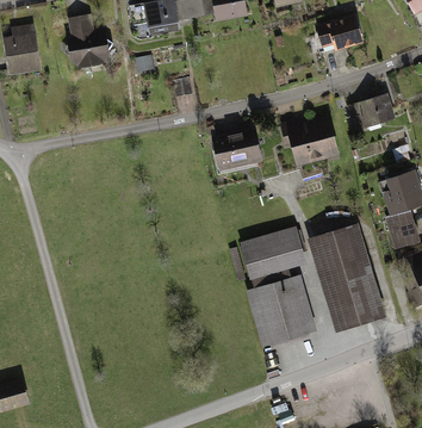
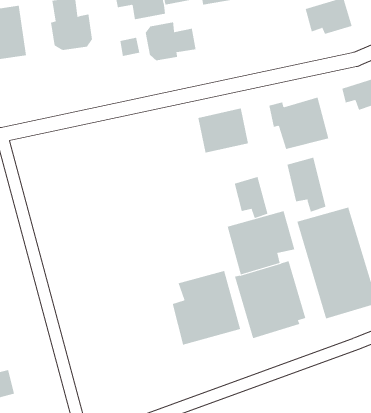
building: none -> [145,21,196,61]
building: none -> [287,157,326,212]
building: none -> [234,176,268,219]
building: none -> [172,270,241,346]

